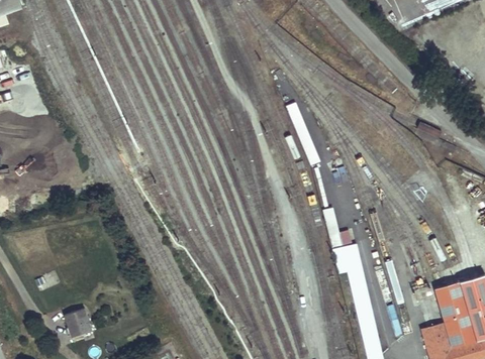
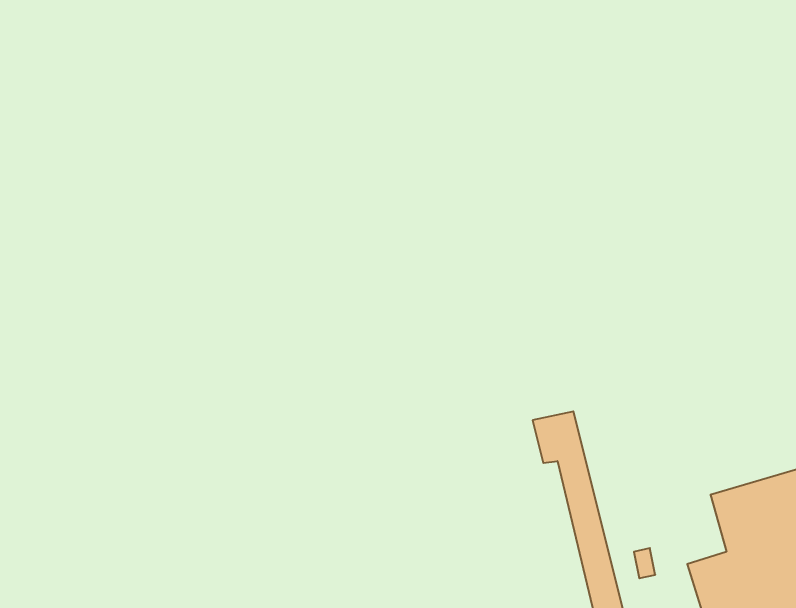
building: [65,310,90,338] -> none

